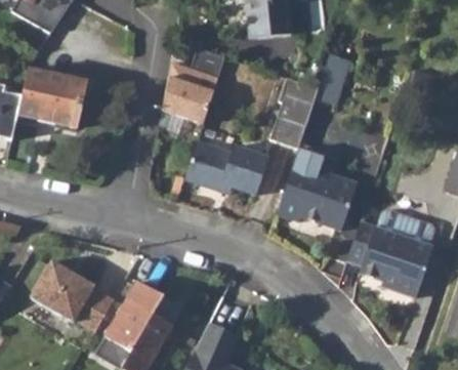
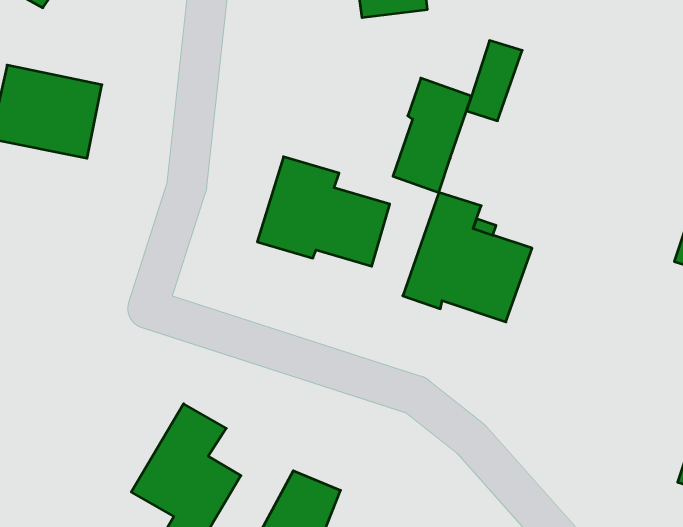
building: [163,48,225,123] -> none
building: [346,209,434,297] -> none
building: [32,259,115,331] -> none

